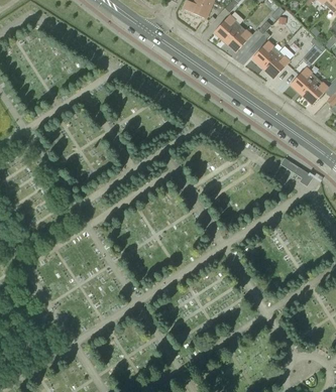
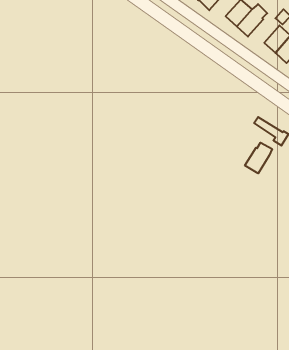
building: none -> [245,143,272,173]

